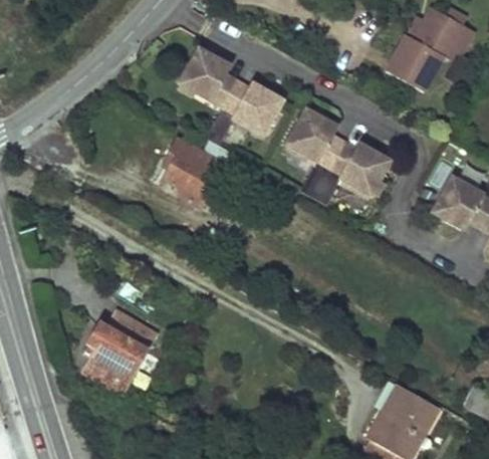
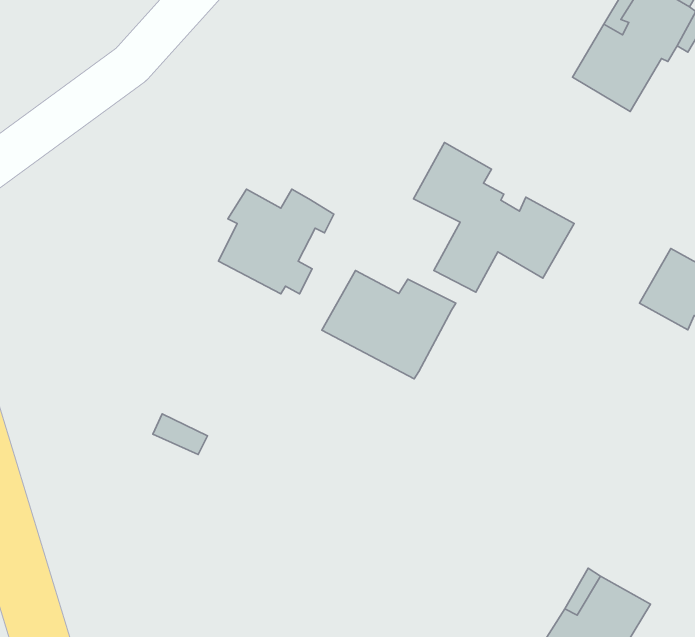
building: [180,47,283,144] -> none
building: none -> [322,270,456,379]
building: [84,308,155,390] -> none

